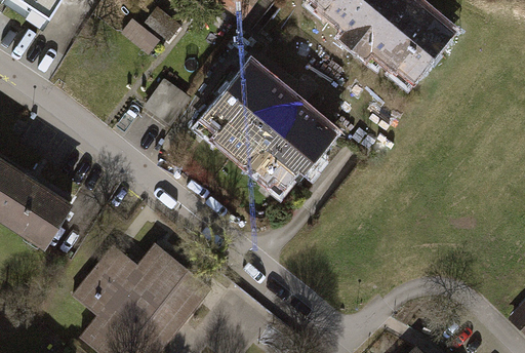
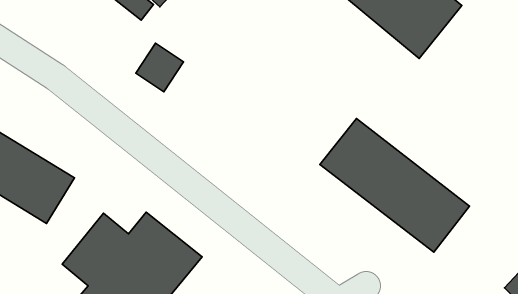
building: [200,65,344,199] -> none
building: none -> [320,119,470,252]

